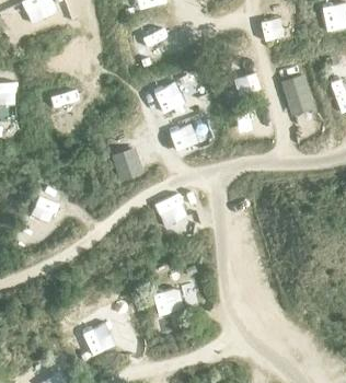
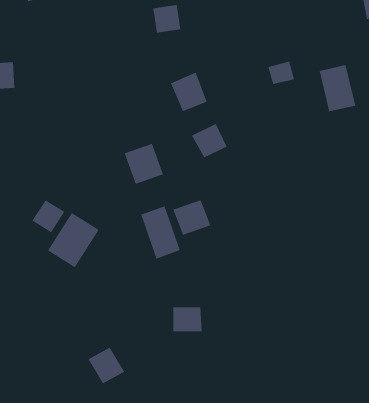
building: none -> [141,205,181,260]
building: none -> [47,212,100,268]

